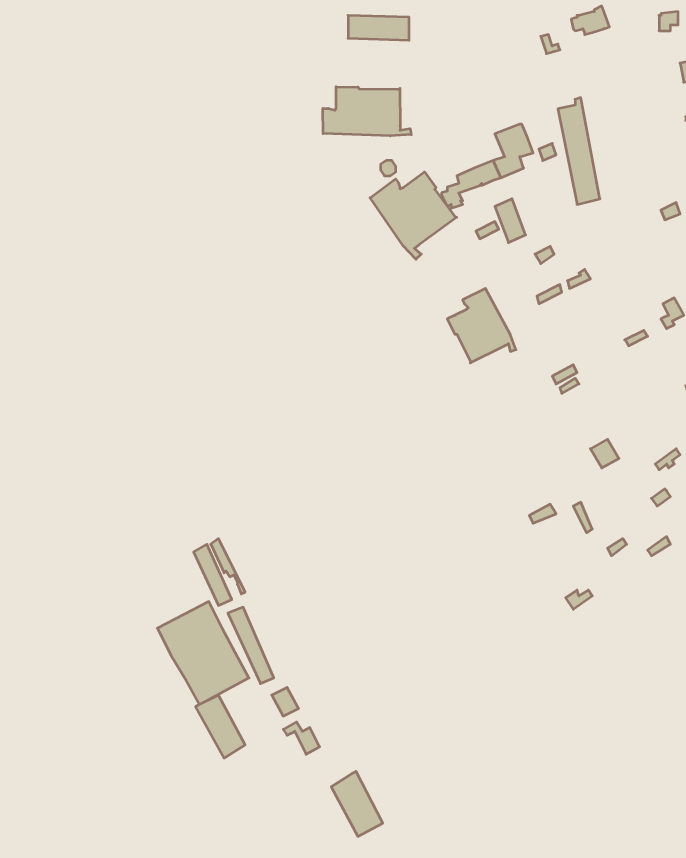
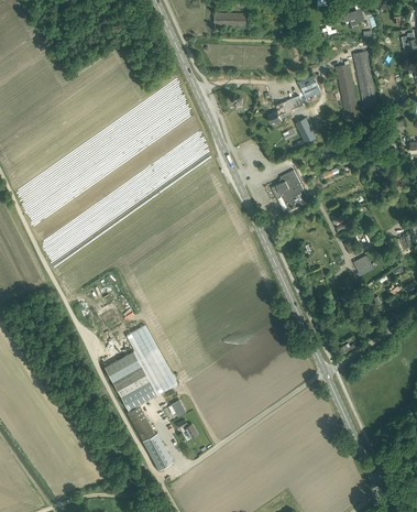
building: none -> [352,50,376,109]
building: [323,87,411,136] -> none
building: [370,172,457,259] -> none
building: [331,771,383,836] -> [142,432,172,469]

